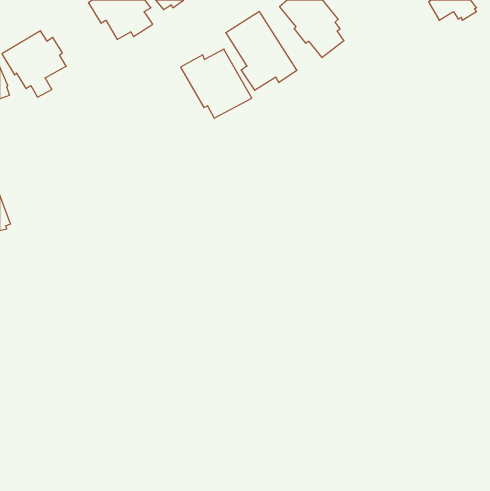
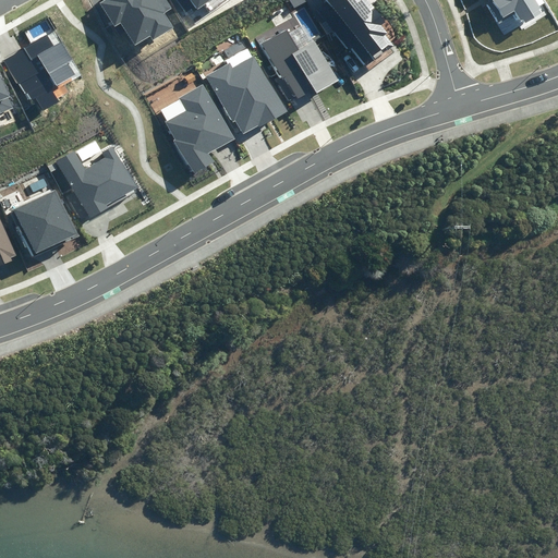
building: none -> [165,83,234,174]
building: none -> [56,146,136,218]
building: none -> [12,190,77,256]

